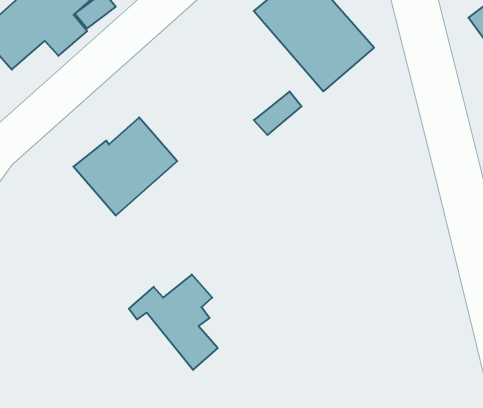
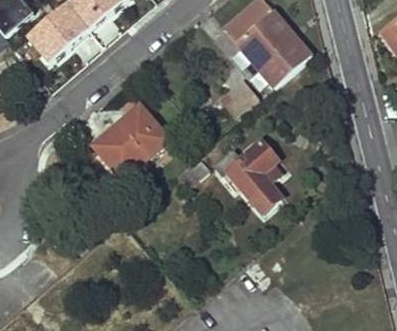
building: [129,274,218,370] -> [217,141,282,212]

